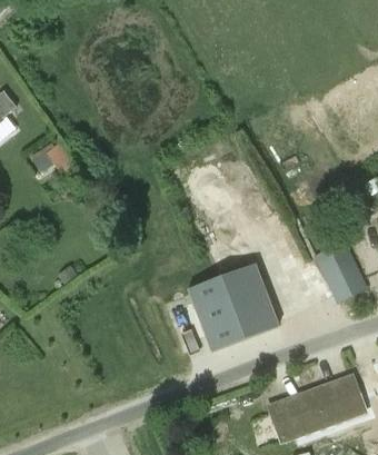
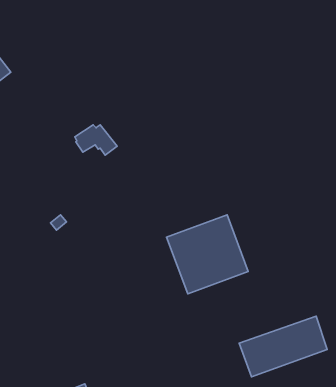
building: [30,142,77,176] -> [75,125,117,155]
building: [315,241,367,303] -> none

